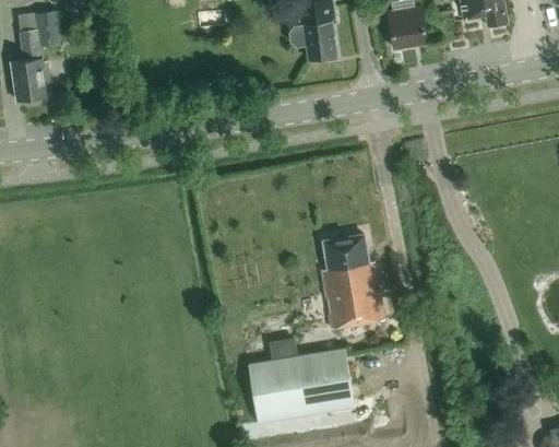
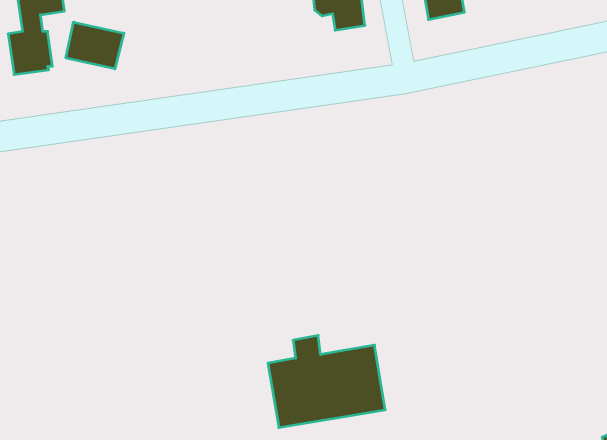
building: none -> [66,22,124,69]
building: [321,235,384,329] -> none

